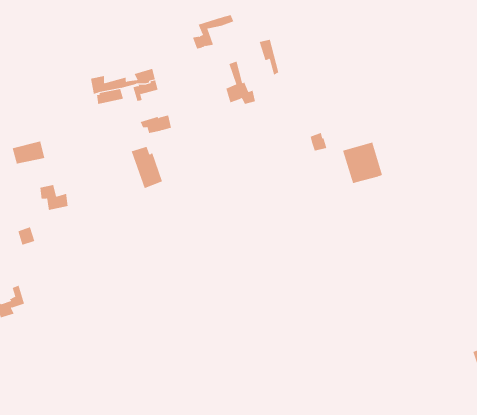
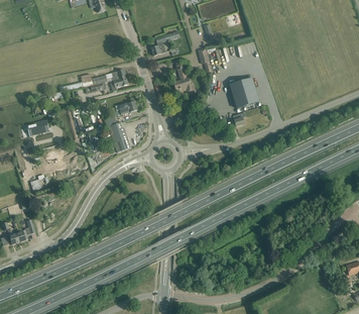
building: [342,142,383,184] -> [230,78,258,107]

